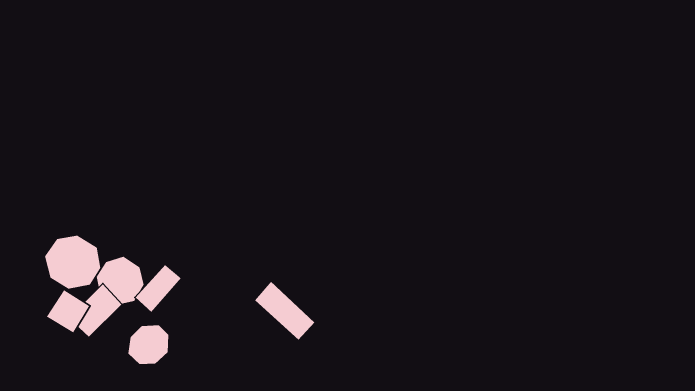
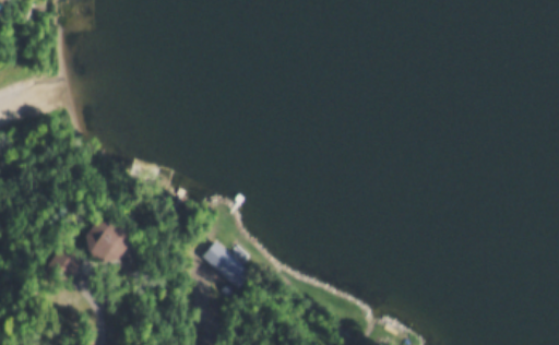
building: [44,235,101,290] -> none
building: [128,324,169,365] -> none

